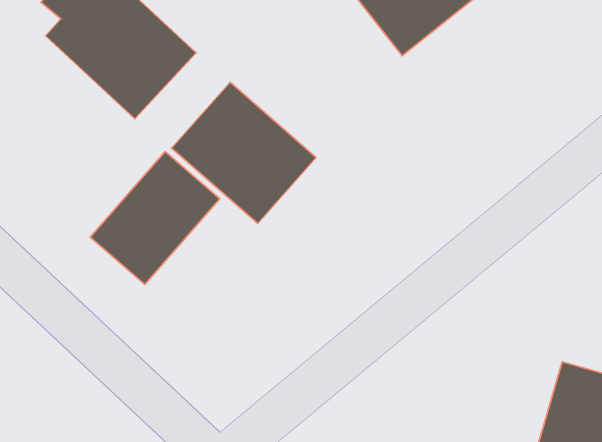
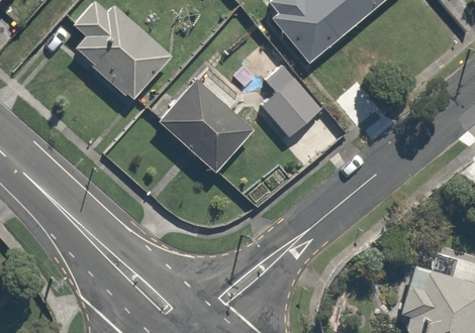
building: none -> [260,61,323,137]
building: [90,152,220,284] -> none

